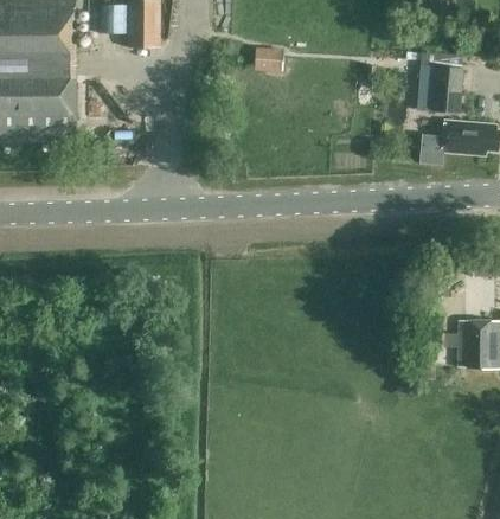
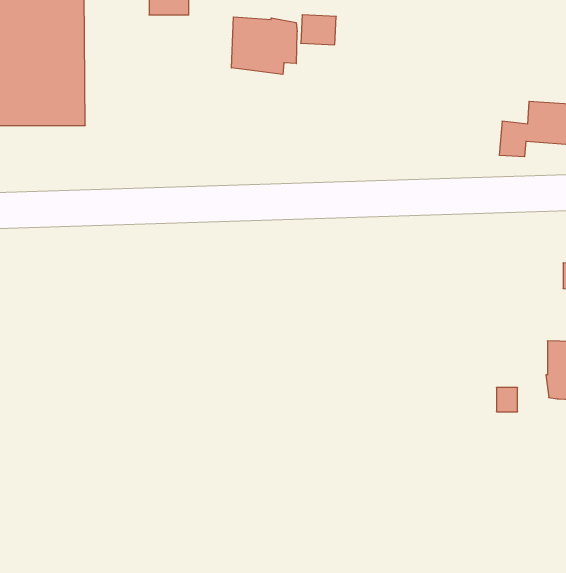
building: none -> [231,17,297,74]
building: [431,65,462,113] -> none

